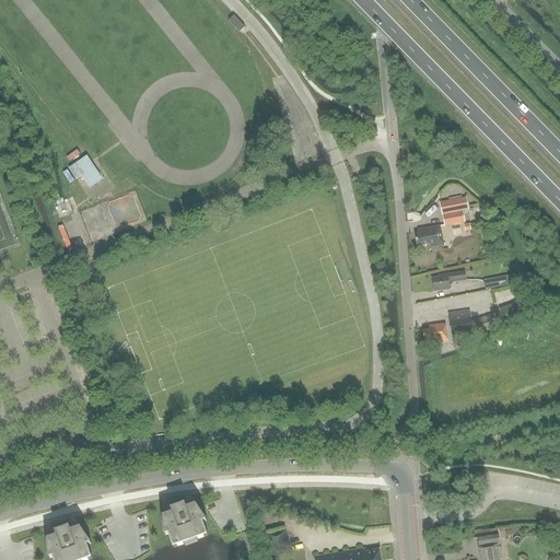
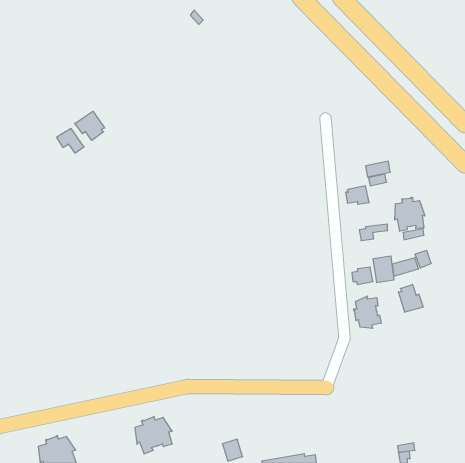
building: none -> [75,111,105,140]
building: none -> [395,197,425,231]
building: none -> [399,284,423,312]
building: none -> [354,296,381,328]

